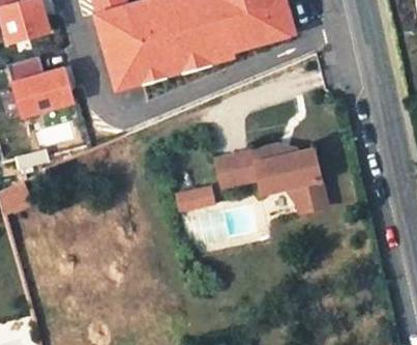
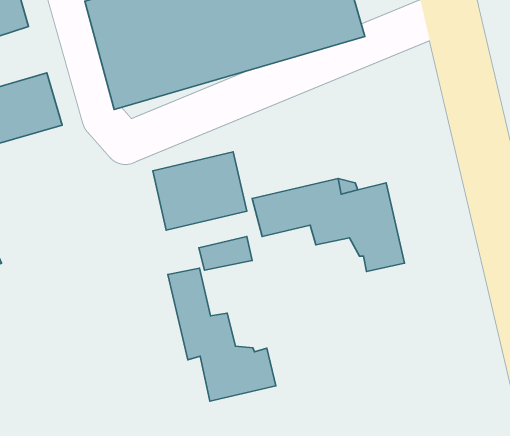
building: none -> [153,152,247,230]
building: none -> [168,268,276,401]

